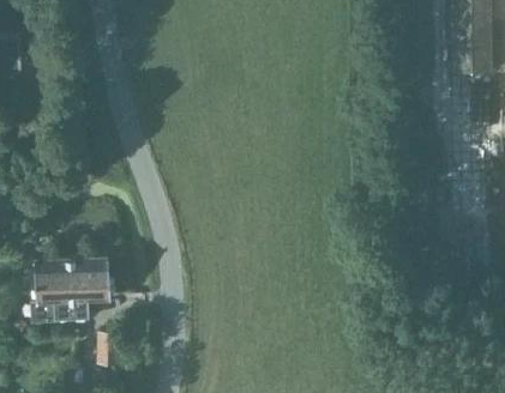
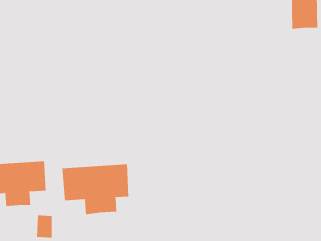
building: none -> [62,164,129,215]

